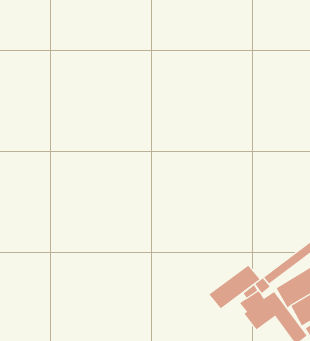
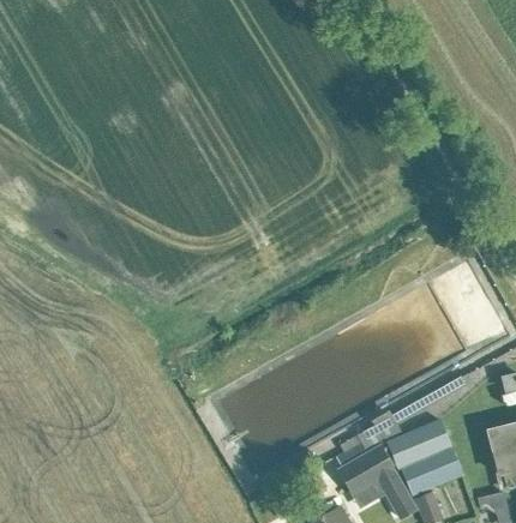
building: [209,265,260,309] -> none

